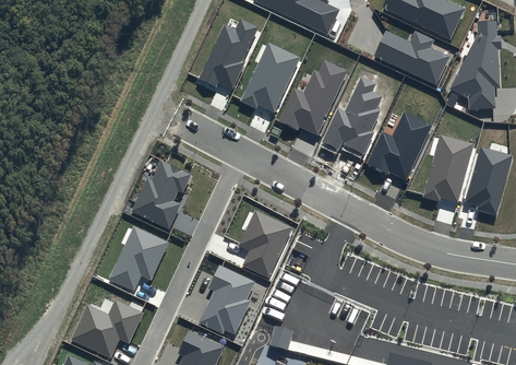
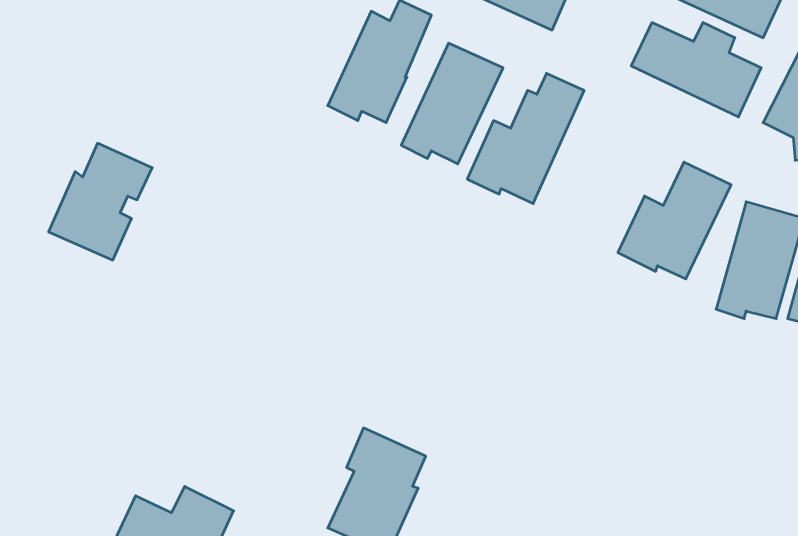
building: [320,76,382,154] -> none
building: [131,161,191,228] -> [49,143,152,260]
building: [238,210,292,279] -> none
building: [107,225,168,292] -> none

